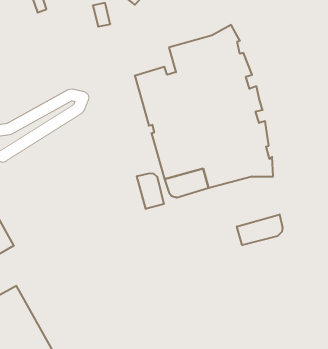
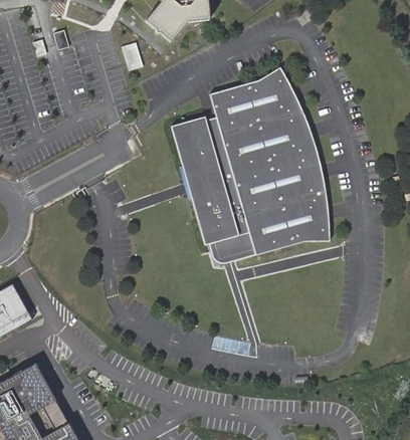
building: [137,173,164,209] -> none
building: [237,214,282,245] -> none

